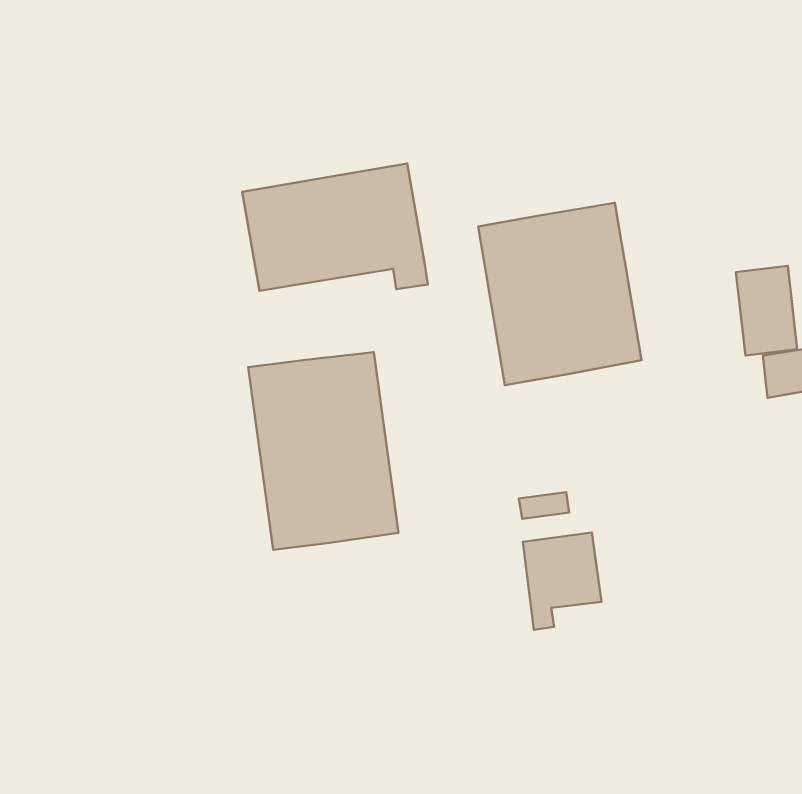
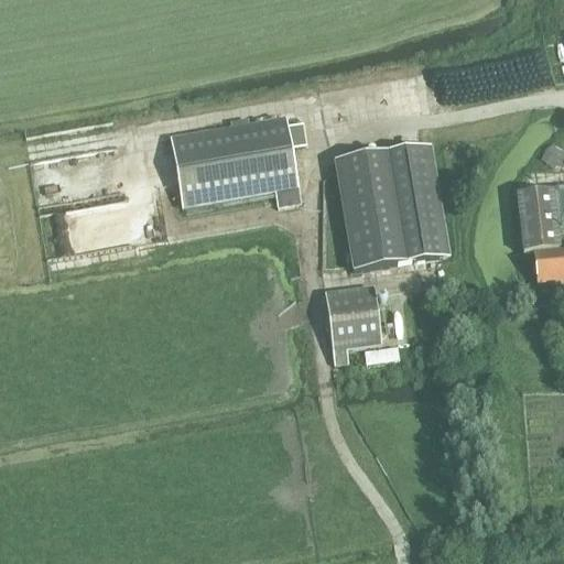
building: [248,352,399,550] -> none
building: [523,533,601,630] -> [327,294,382,362]

